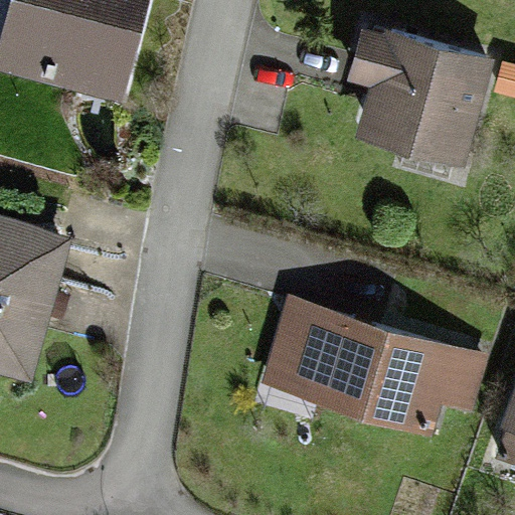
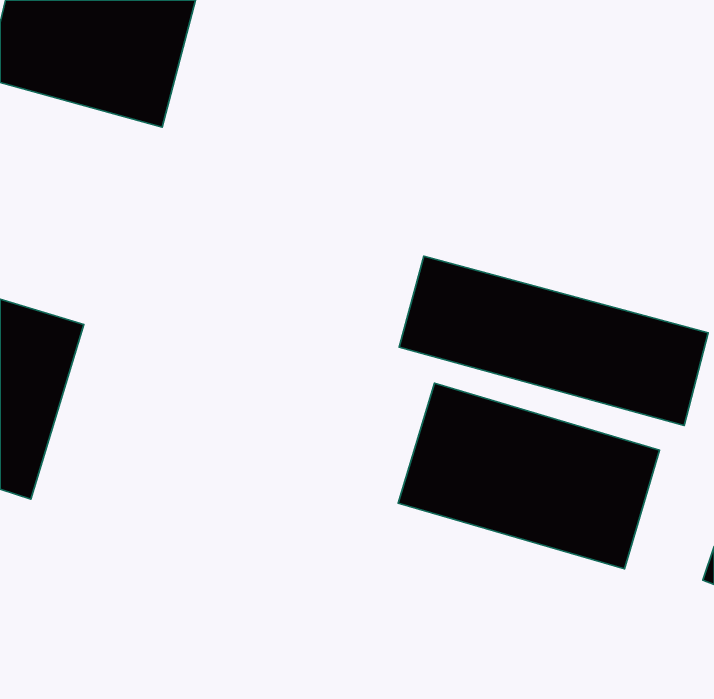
building: [351,39,490,173] -> none
building: none -> [399,256,708,425]

